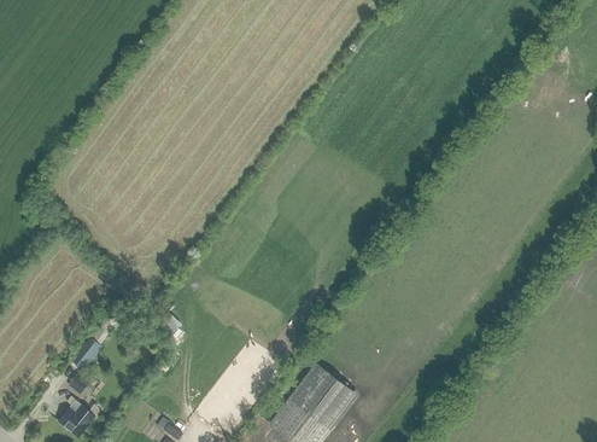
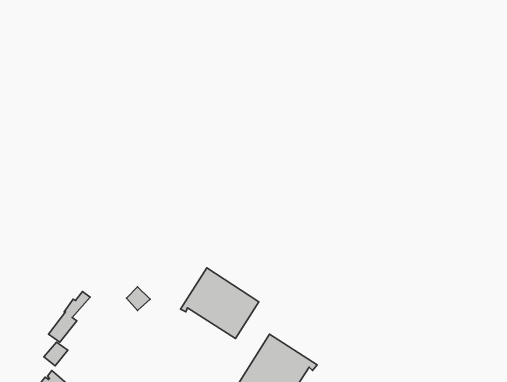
building: none -> [180,268,259,338]

